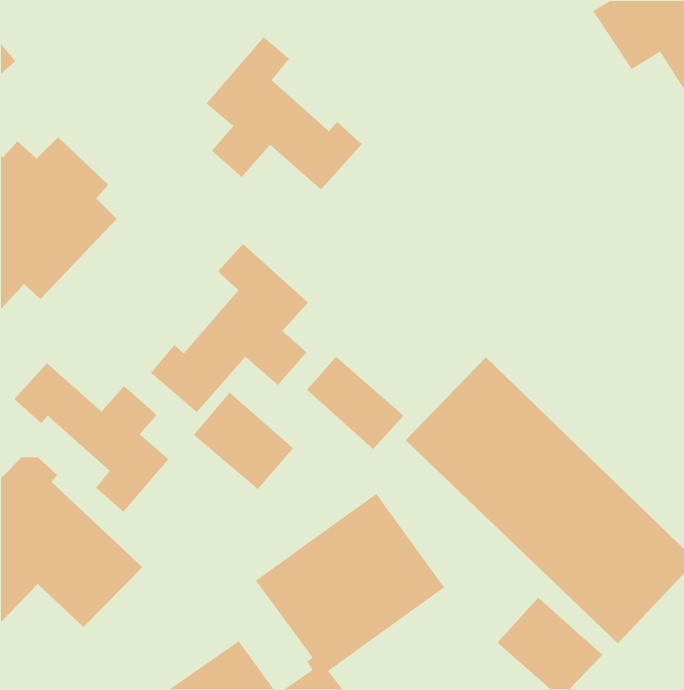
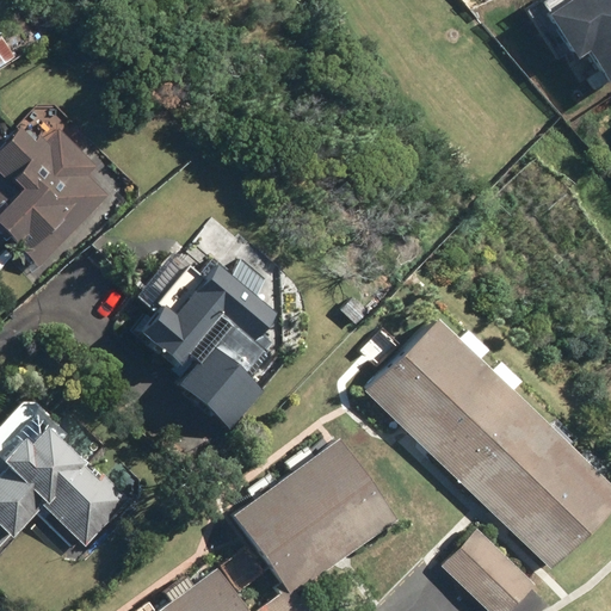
building: [205,36,363,190] -> none
building: [306,356,404,450] -> none
building: [13,363,170,513] -> none

